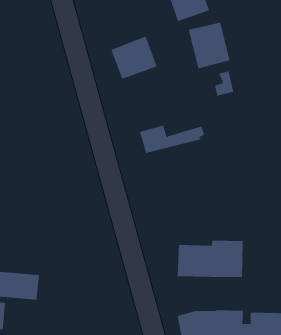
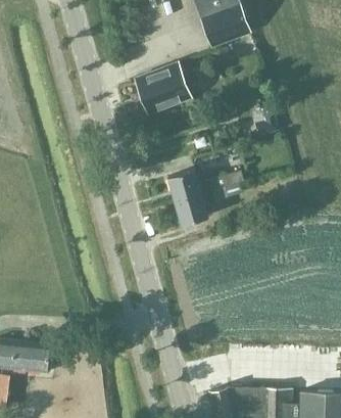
building: [188,22,230,69] -> none
building: none -> [175,186,242,224]
building: [177,240,243,278] -> none

